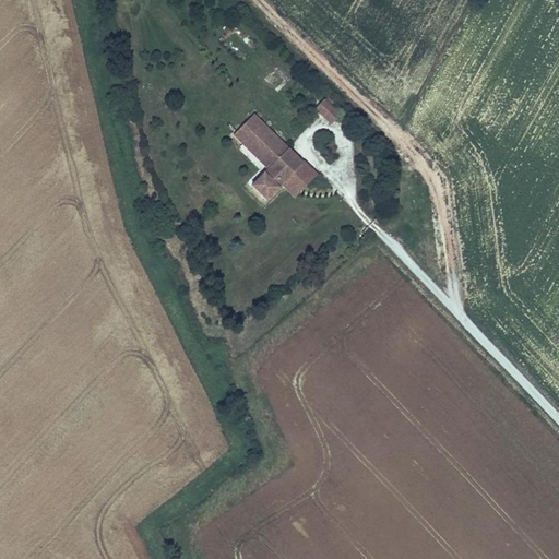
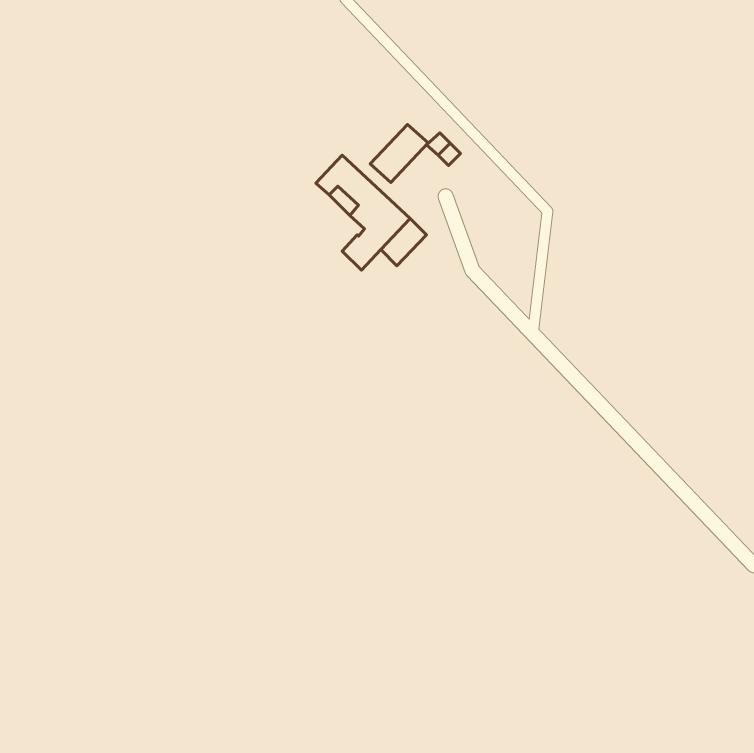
building: none -> [370,124,428,182]

